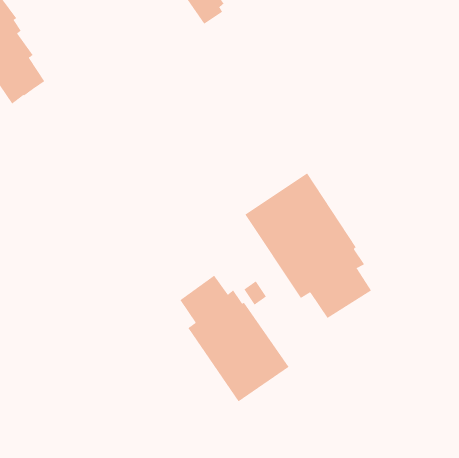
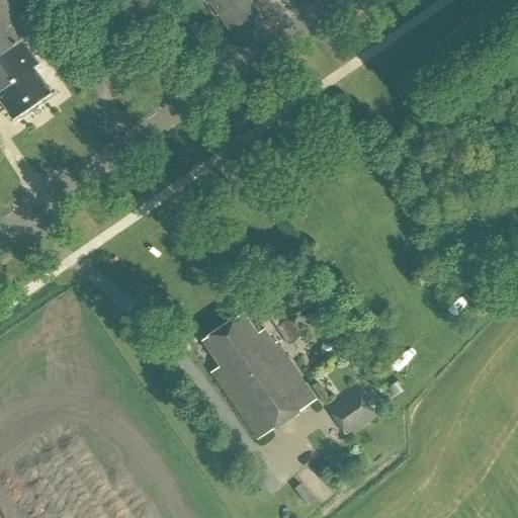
building: [244,172,372,319] -> none
building: none -> [325,386,374,437]

